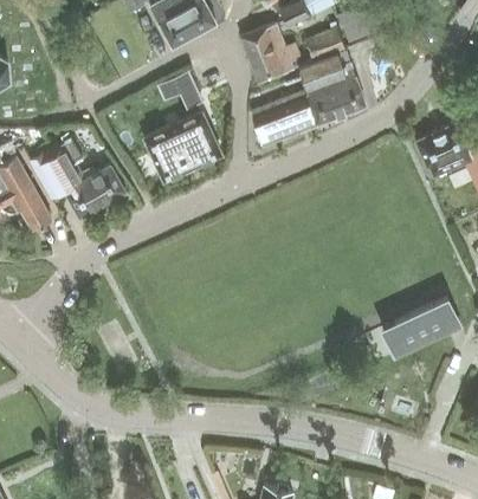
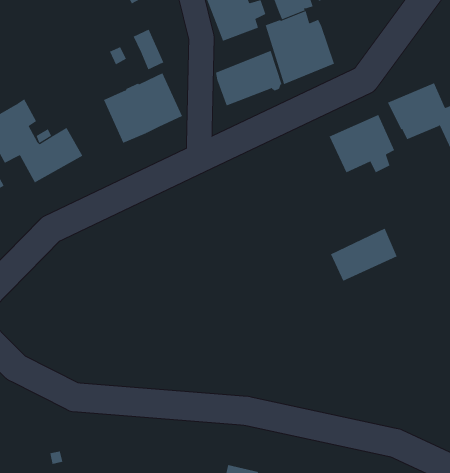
building: none -> [329,114,395,173]
building: [395,298,459,349] -> [330,228,397,281]

